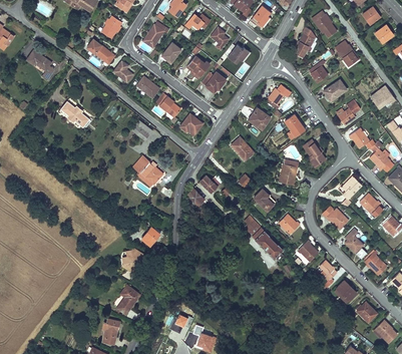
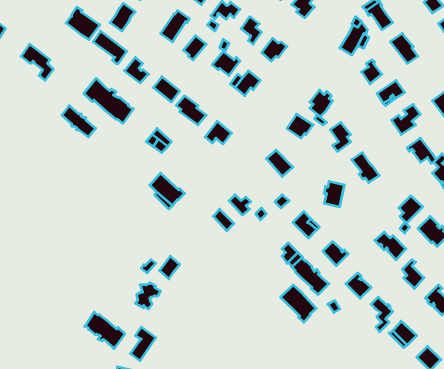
building: none -> [66,7,100,40]
building: none -> [84,78,133,123]
building: none -> [281,285,316,322]
building: none -> [85,312,125,349]

